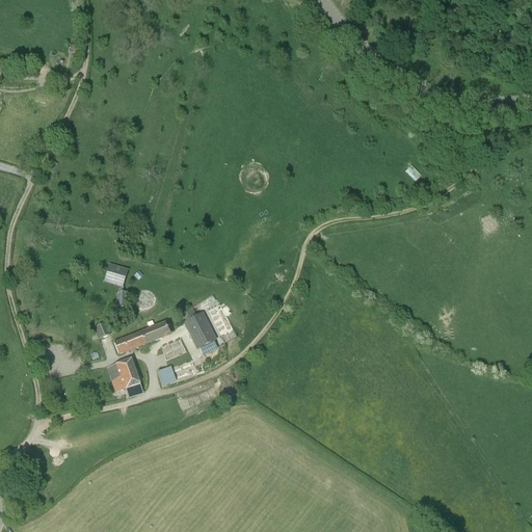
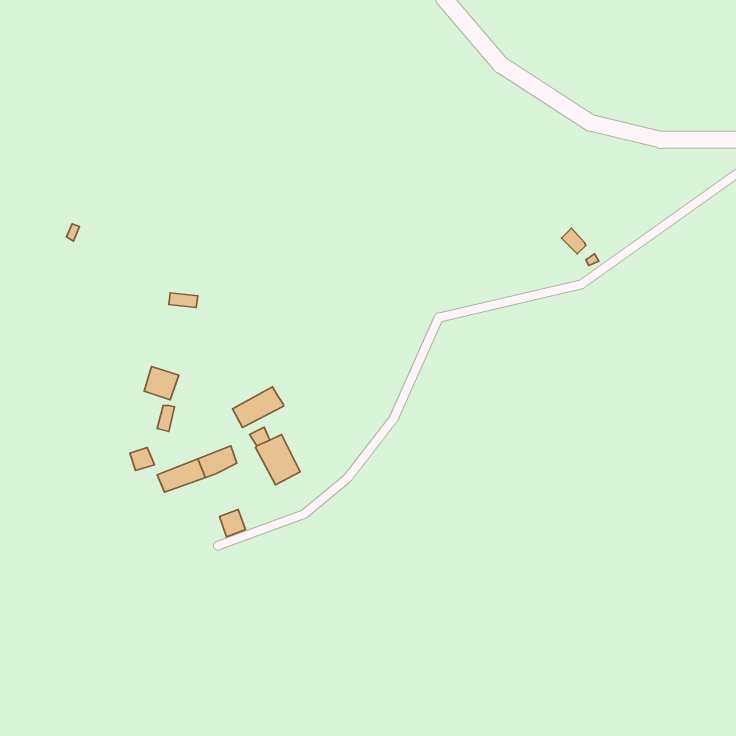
building: none -> [232,387,284,428]
building: [108,361,139,392] -> none

